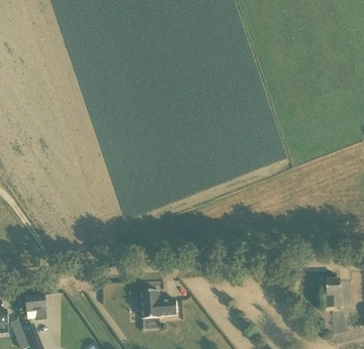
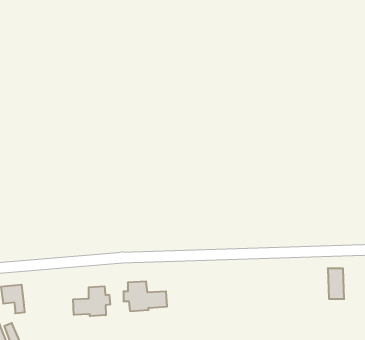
building: none -> [73,286,110,316]

